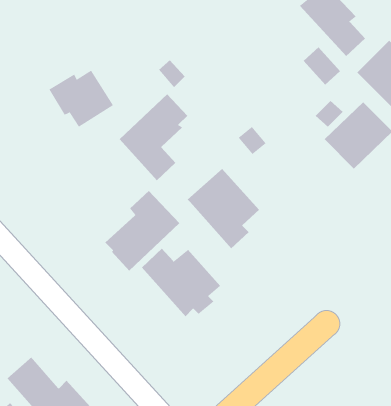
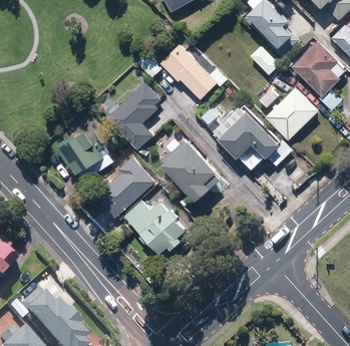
building: none -> [160,43,227,100]
building: [48,70,114,127] -> [55,130,105,175]
building: none -> [213,103,295,170]

